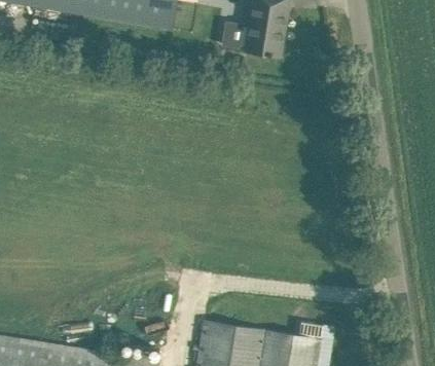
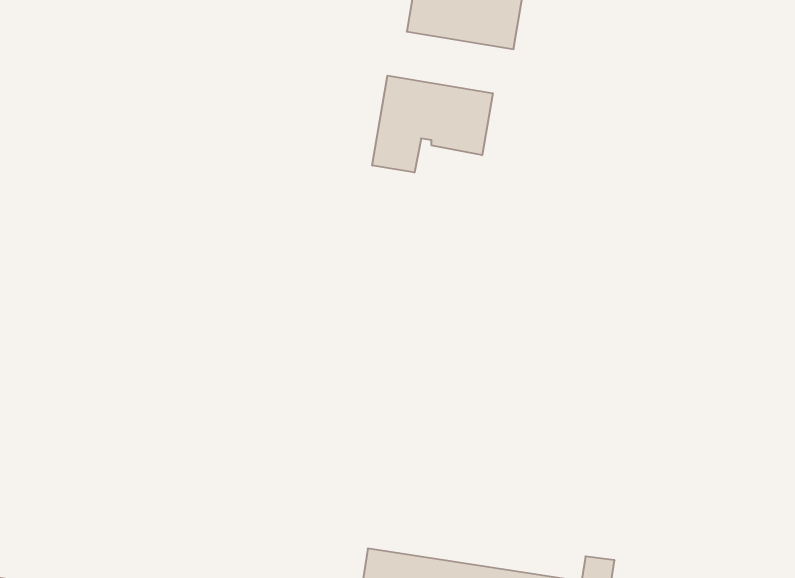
building: none -> [372,76,493,173]

